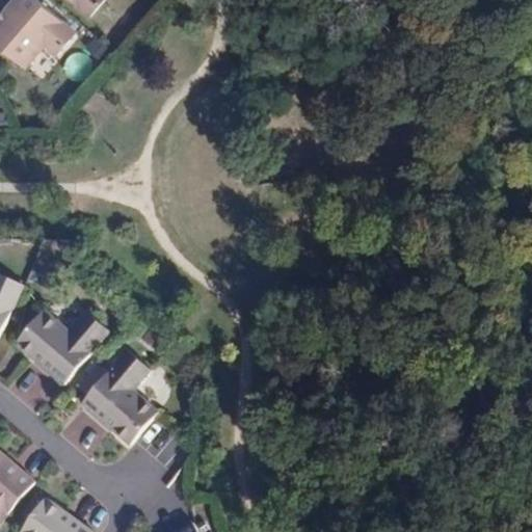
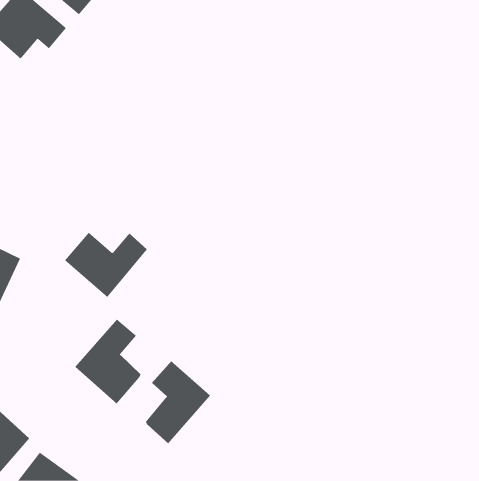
building: [15,311,107,383] -> [64,232,148,298]
building: none -> [145,361,211,444]

